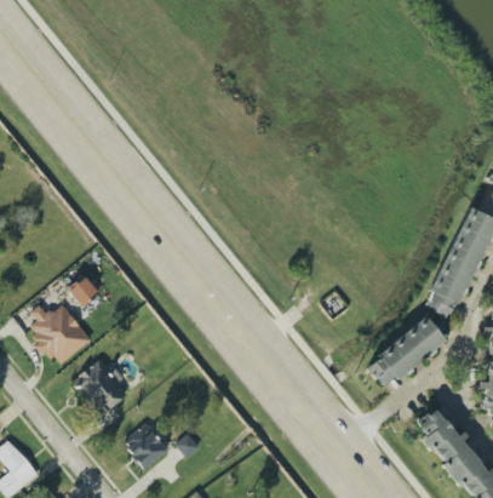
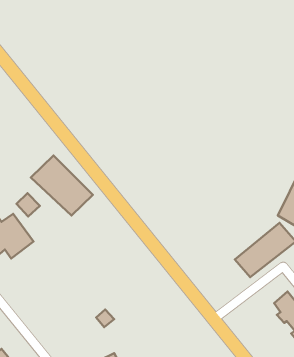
building: none -> [31,156,93,216]
building: [73,355,128,416] -> none
building: [124,419,173,469] -> none

